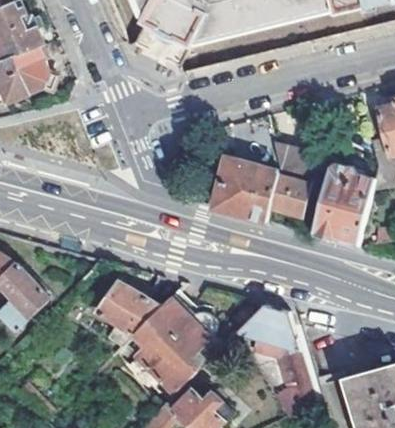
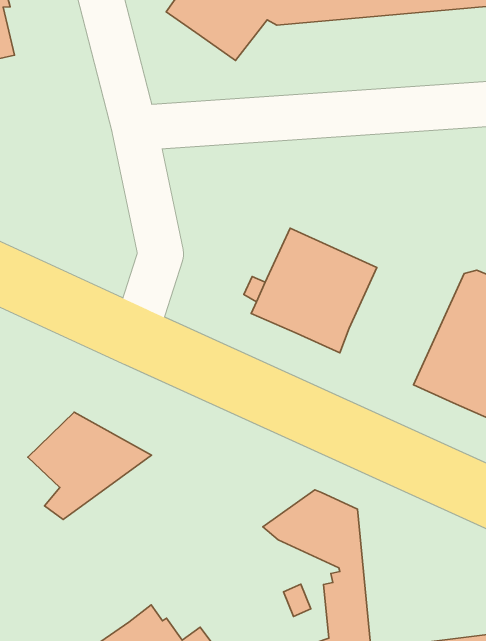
building: [269,147,317,215] -> none
building: [122,290,215,396] -> none

